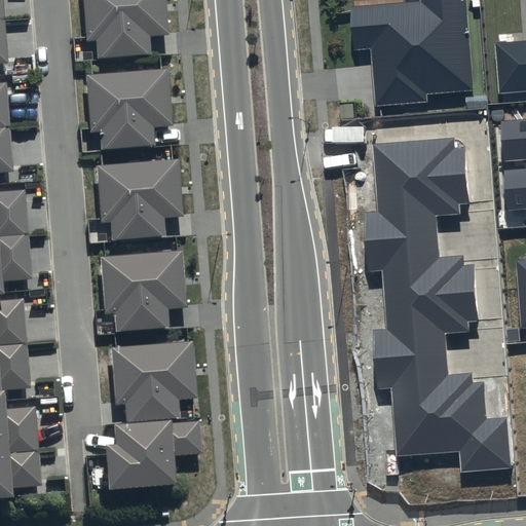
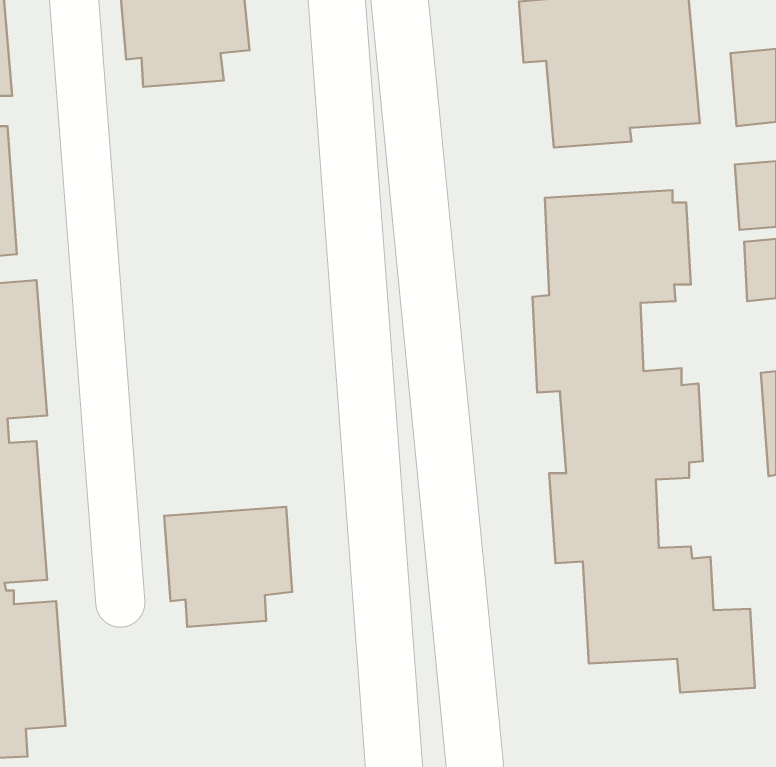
building: [85,69,174,150] -> none
building: [97,158,184,240] -> none
building: [100,251,187,333] -> none
building: [108,421,203,500] -> none

